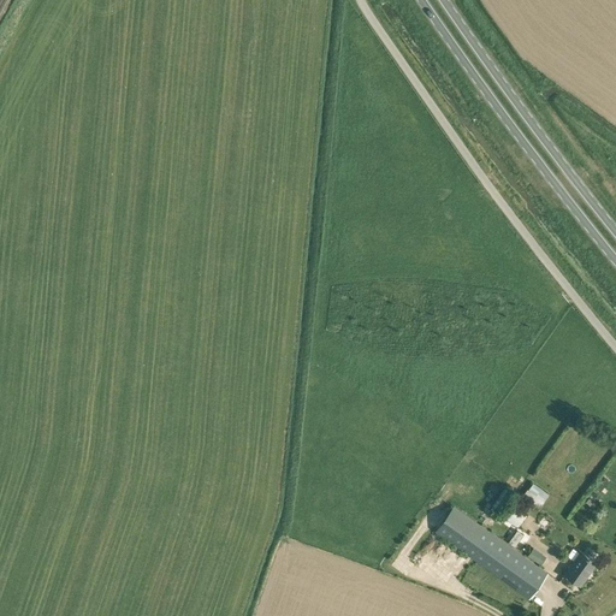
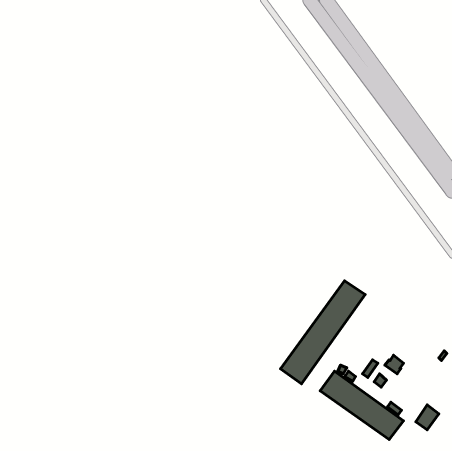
building: none -> [280,281,365,384]

